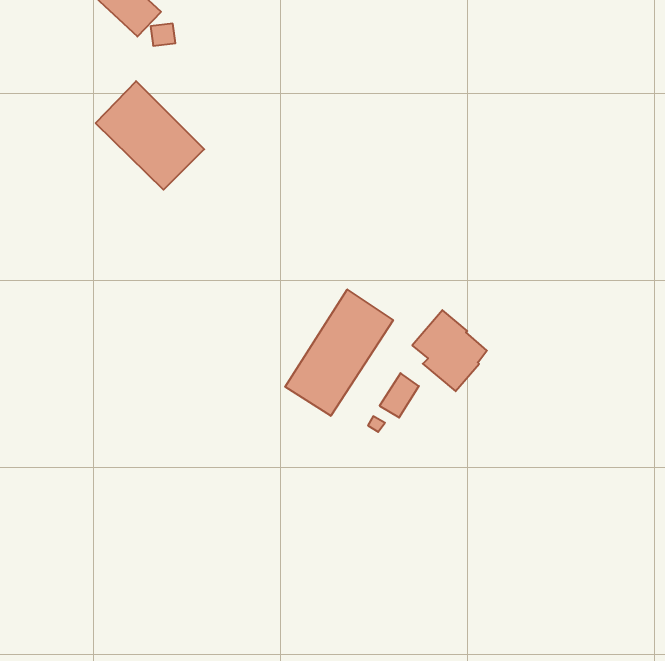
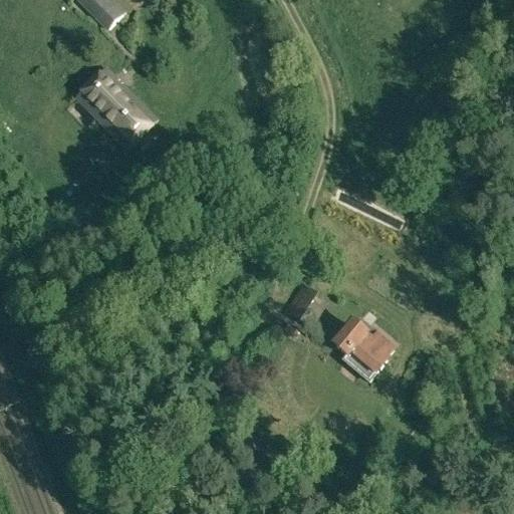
building: [285,289,393,416] -> none
building: [412,310,487,391] -> [334,315,392,377]

